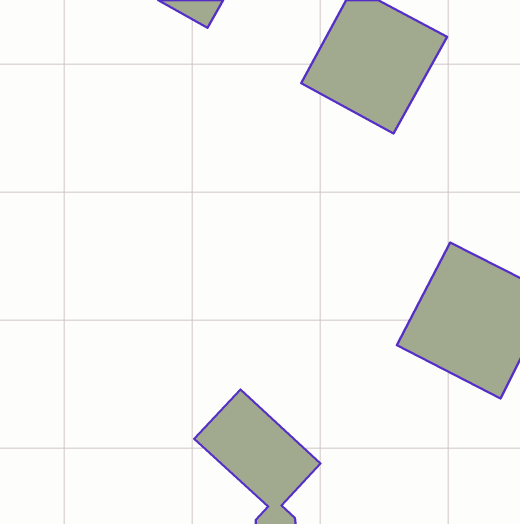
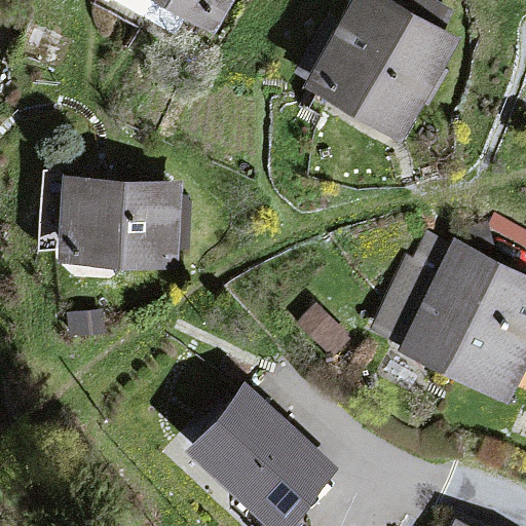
building: none -> [57,181,181,267]

